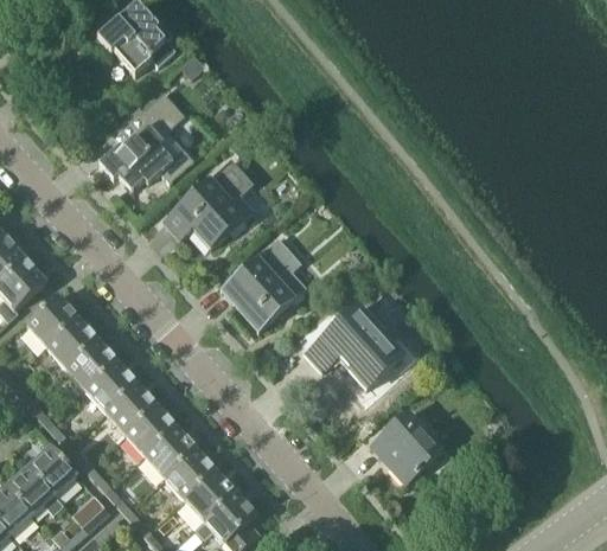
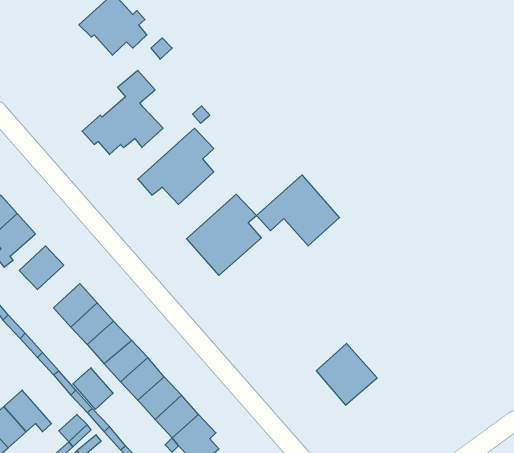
building: [306,305,403,387] -> [256,175,340,246]
building: [46,319,96,369] -> none
building: [28,446,76,494] -> [73,368,113,409]

